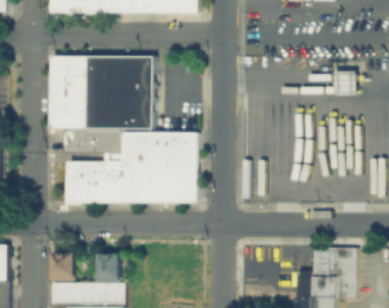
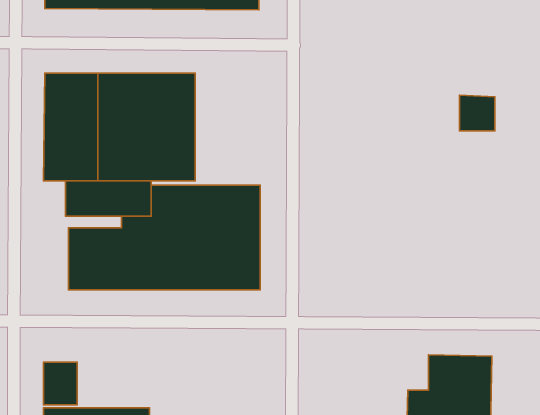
building: [96,253,117,282] -> none

